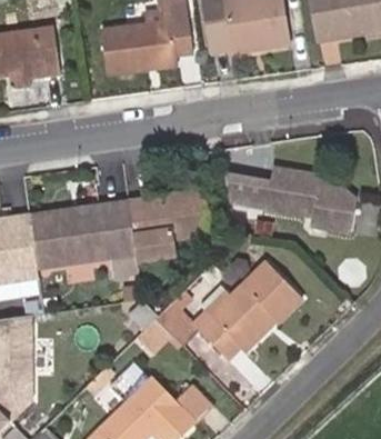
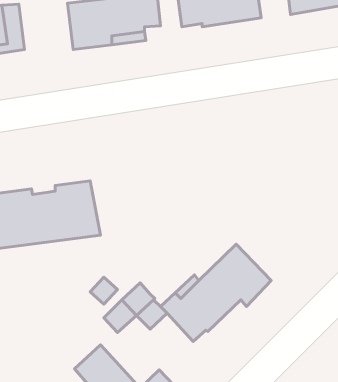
building: [223,171,357,235] -> none
building: [124,191,205,259] -> none

